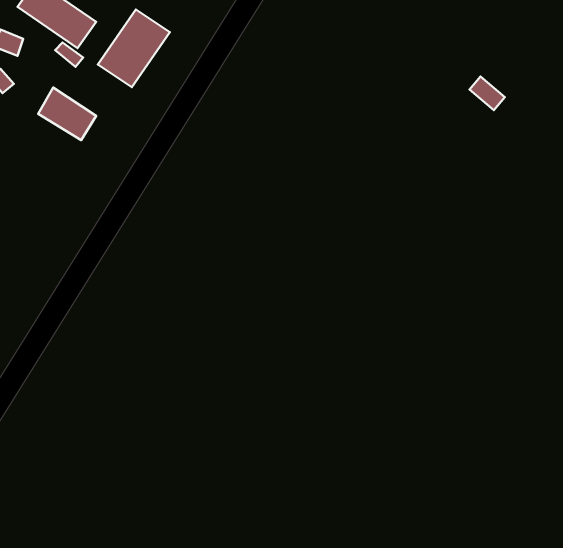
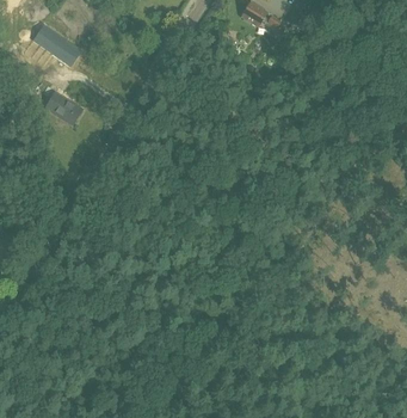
building: [98,10,170,87] -> none

